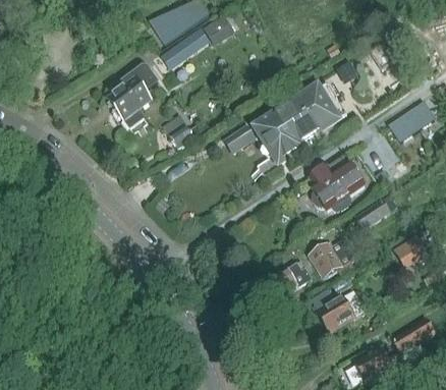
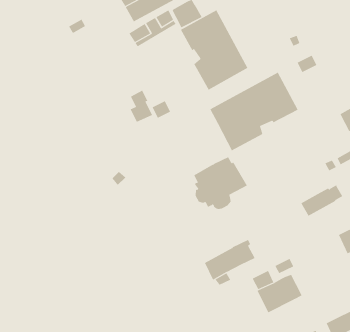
building: none -> [180,10,248,91]
building: [106,63,158,127] -> none
building: [223,122,257,153] -> none
building: [310,154,367,210] -> [194,156,248,209]
building: [310,237,355,276] -> none

